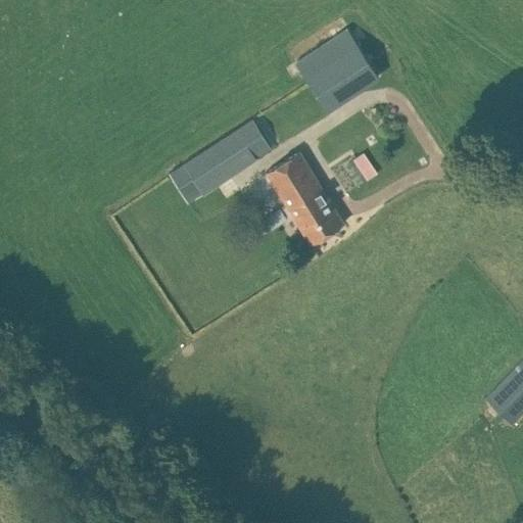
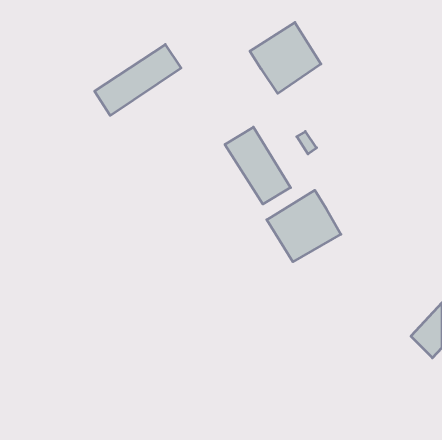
building: [169,121,271,204] -> [95,44,181,115]
building: none -> [267,190,341,262]

